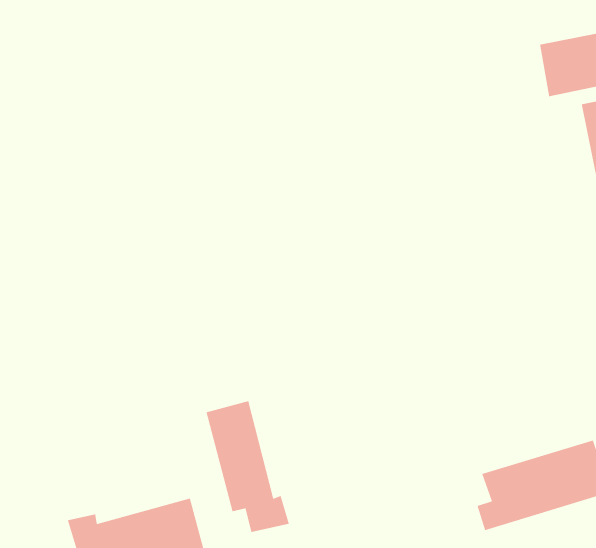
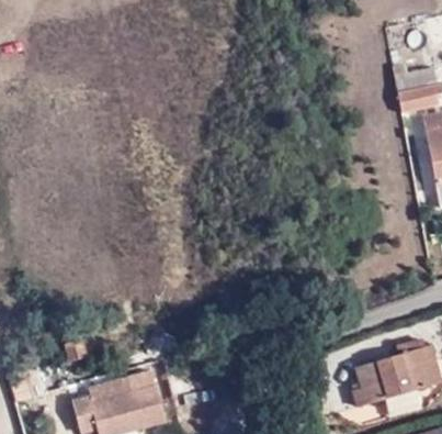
building: [205,400,290,533] -> none

